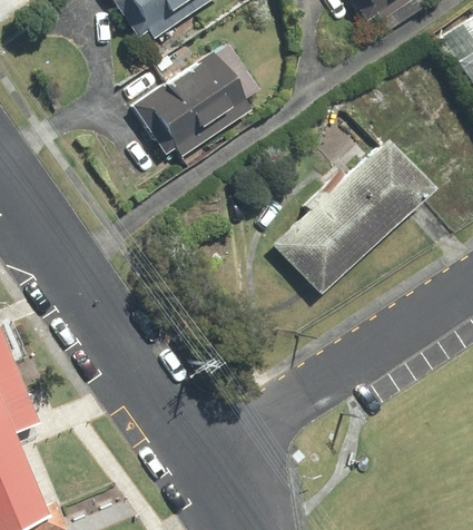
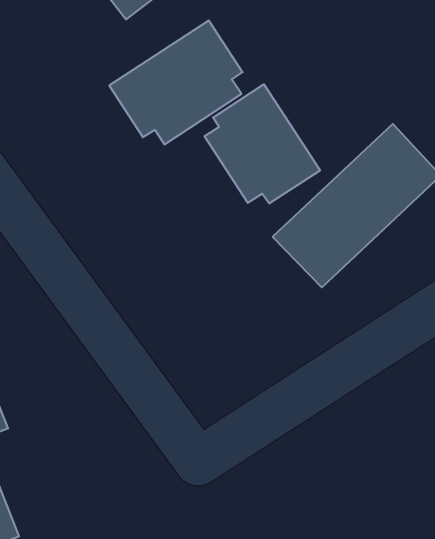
building: none -> [205,84,320,204]

